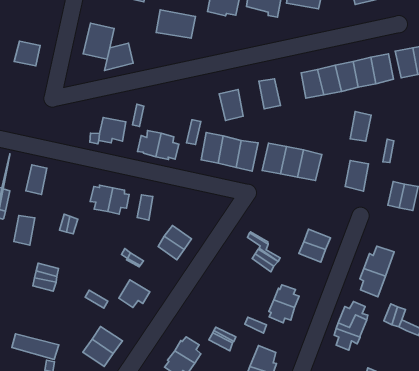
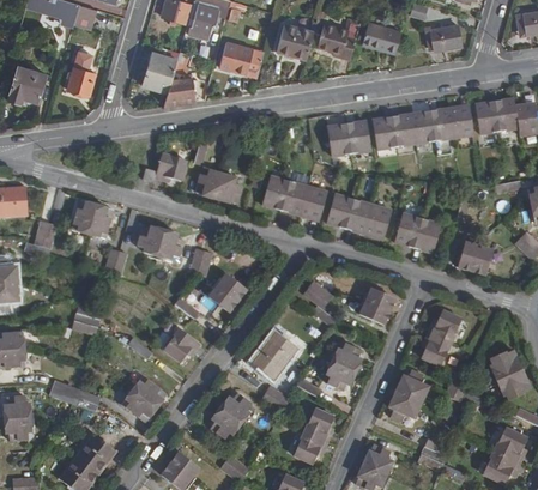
building: [219,89,243,121] -> [345,121,369,153]
building: [350,112,371,141] -> [397,212,421,244]
building: [14,215,35,245] -> [89,205,113,237]
building: none -> [252,331,297,379]

